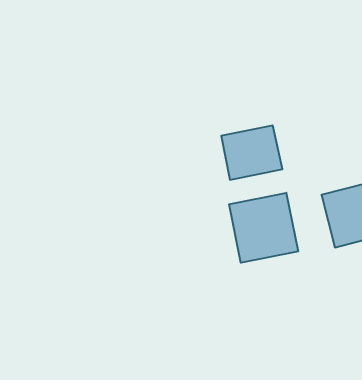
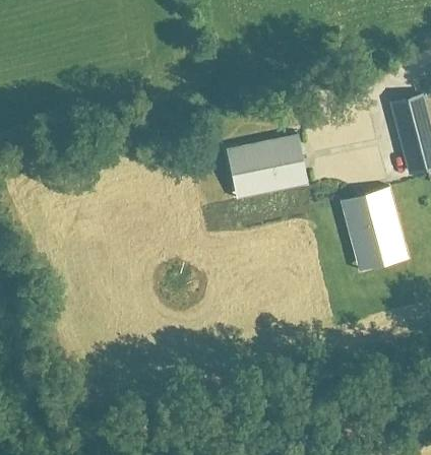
building: [229,193,298,263] -> none

